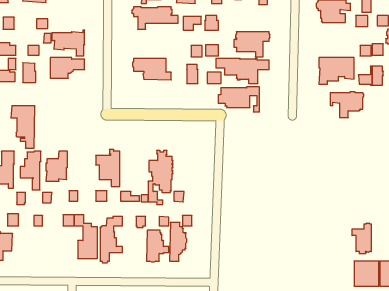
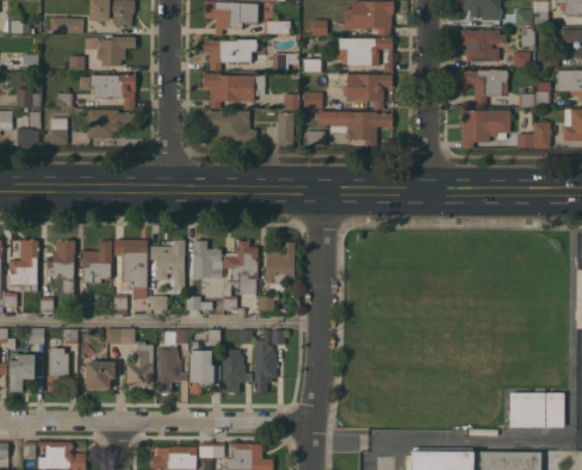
building: none -> [98,36,137,66]
building: none -> [203,72,265,109]
building: [218,87,259,112] -> [335,37,392,72]
building: [330,92,364,118] -> [462,69,508,105]
building: [11,106,35,148] -> [114,239,148,297]
building: none -> [193,240,222,279]
building: none -> [266,242,295,292]
building: [352,223,371,254] -> none
building: none -> [191,341,221,394]
building: none -> [48,347,78,391]
building: none -> [87,361,117,389]

